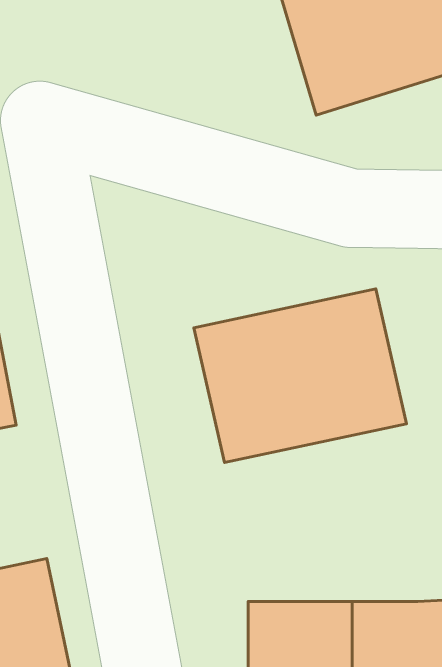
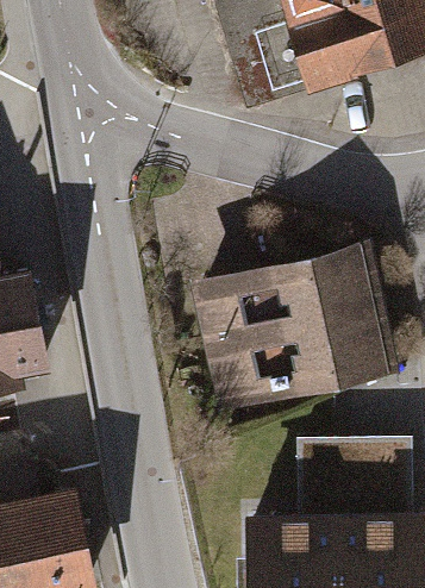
building: none -> [299,445,395,519]

